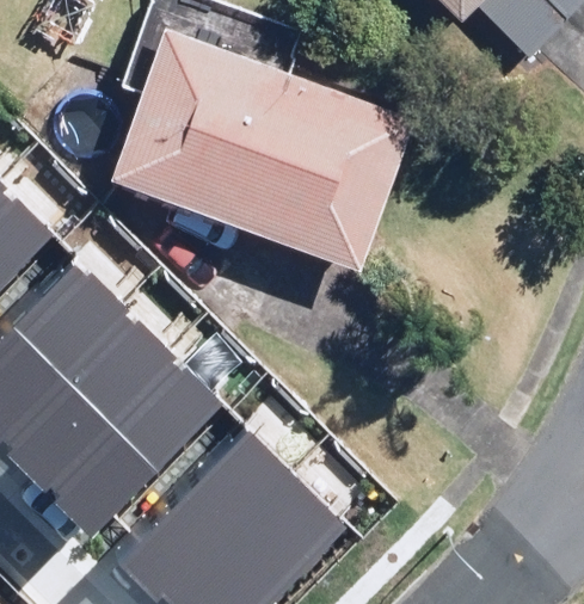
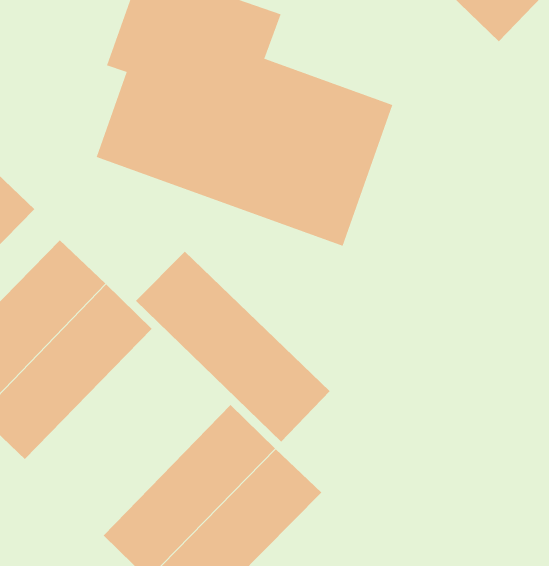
building: none -> [135,251,331,443]
building: [39,356,217,536] -> none

